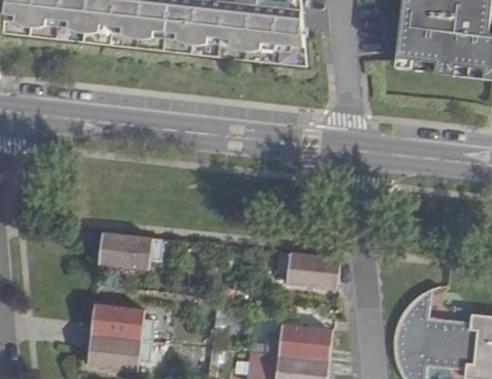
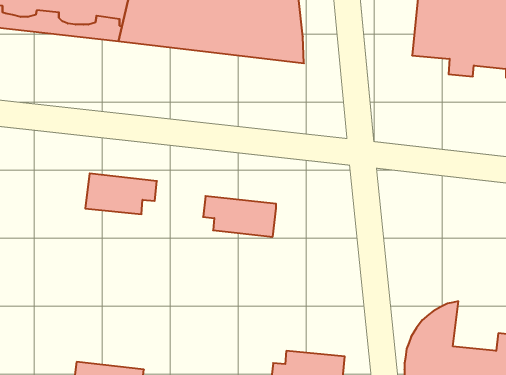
building: [100,232,165,269] -> [85,173,157,214]
building: [277,253,343,290] -> [203,196,276,237]
building: [92,303,155,341] -> none

